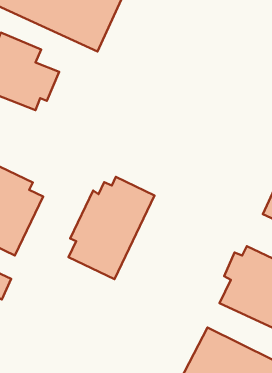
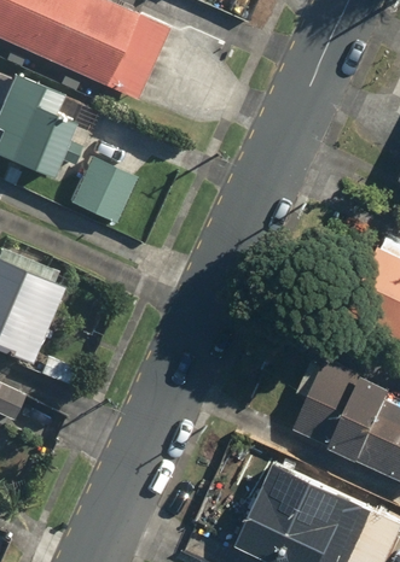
building: none -> [69,159,138,229]
building: [68,177,155,279] -> none

